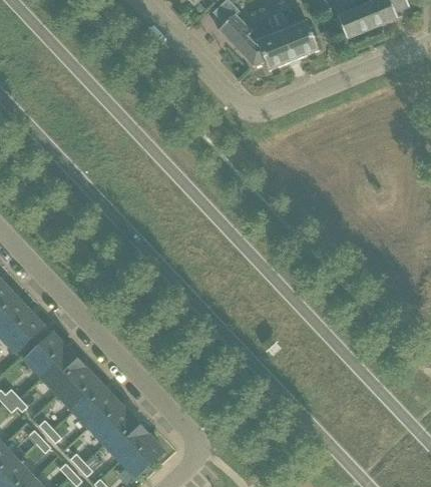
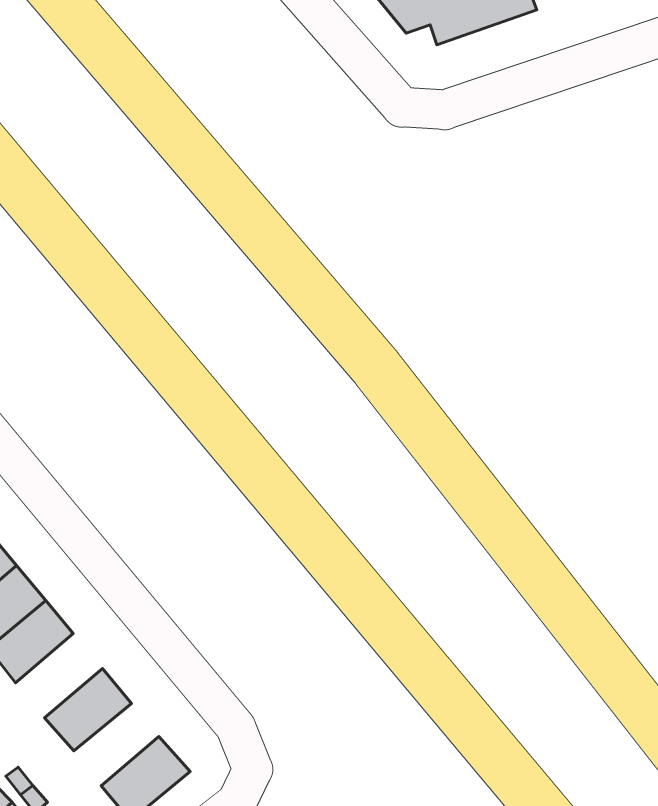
building: [72,383,116,427] -> none
building: [104,416,148,460] -> none

